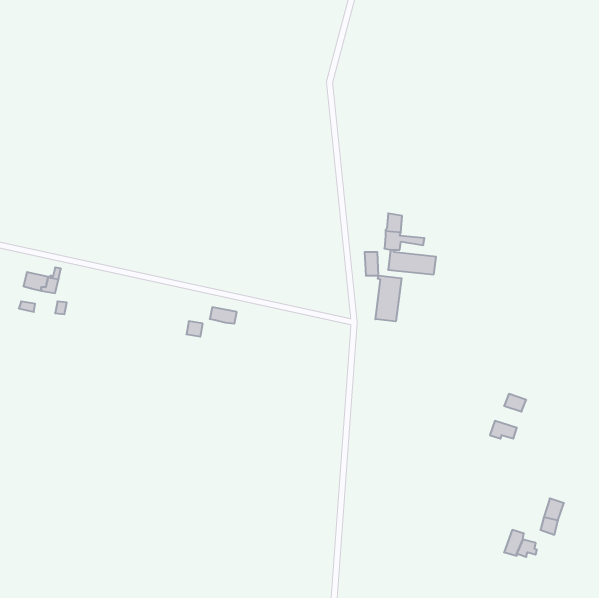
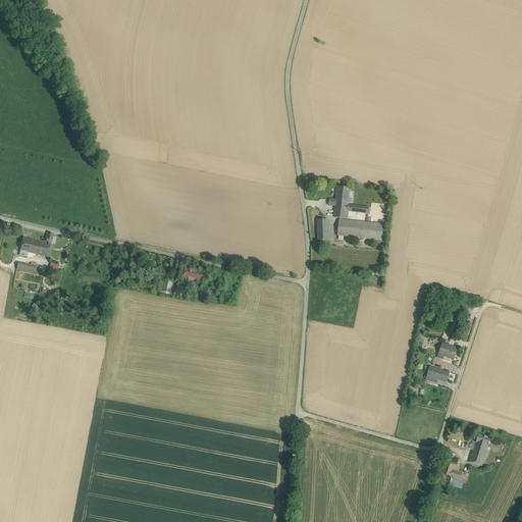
building: [375,276,402,321] -> none

